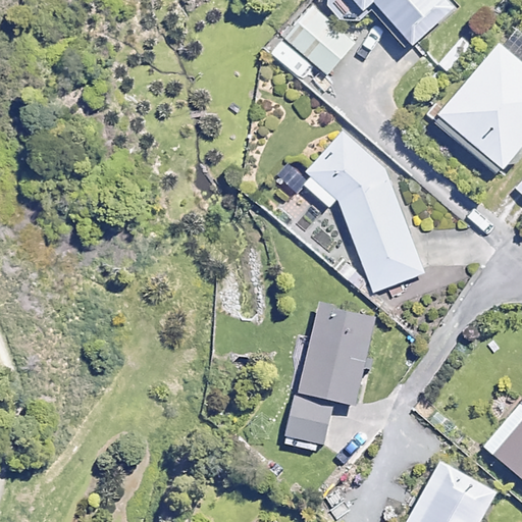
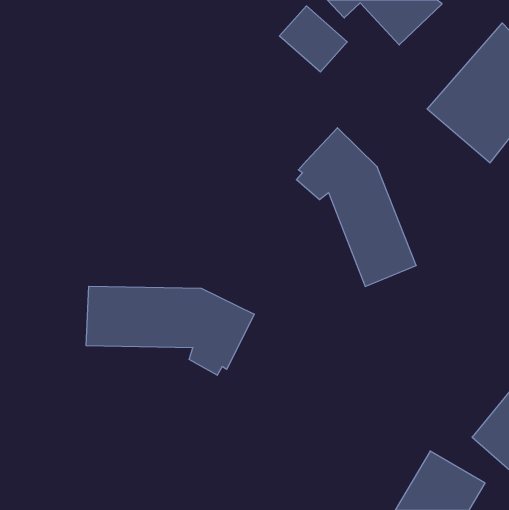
building: none -> [86,286,254,375]
building: [282,303,375,451] -> none

